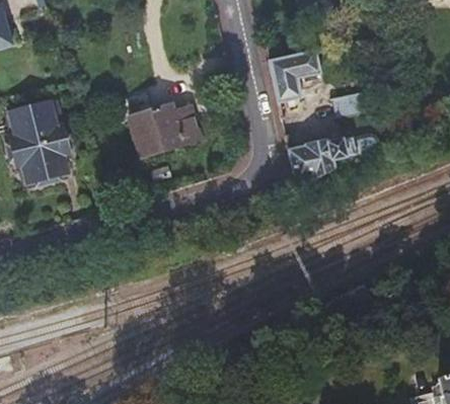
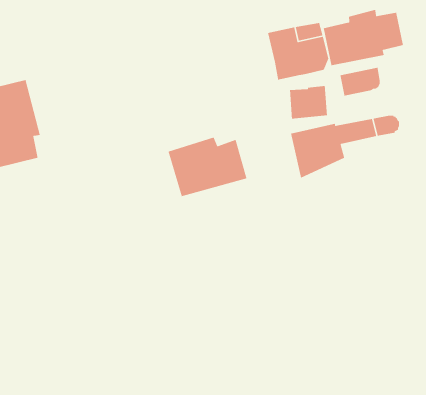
building: none -> [323,9,404,66]
building: [130,102,201,156] -> [167,136,247,197]

